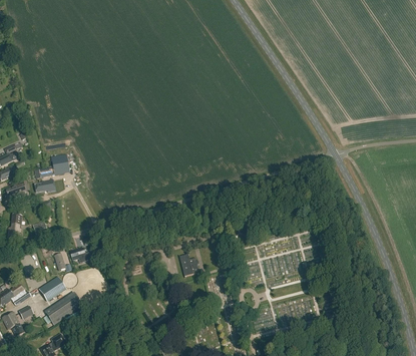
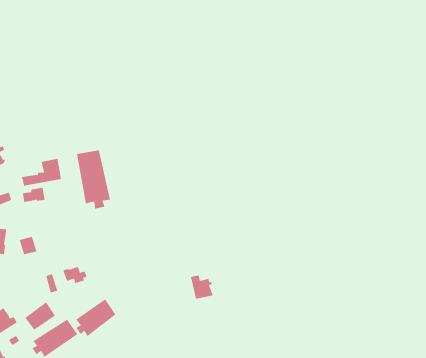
building: none -> [76,149,111,209]
building: none -> [76,299,116,337]

